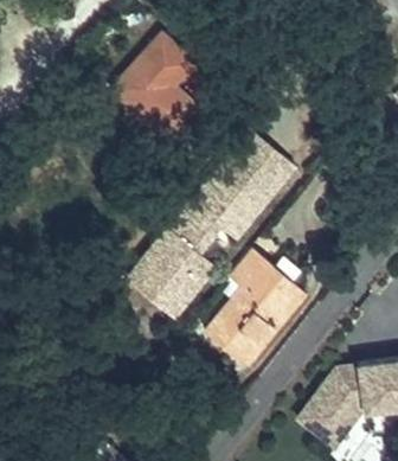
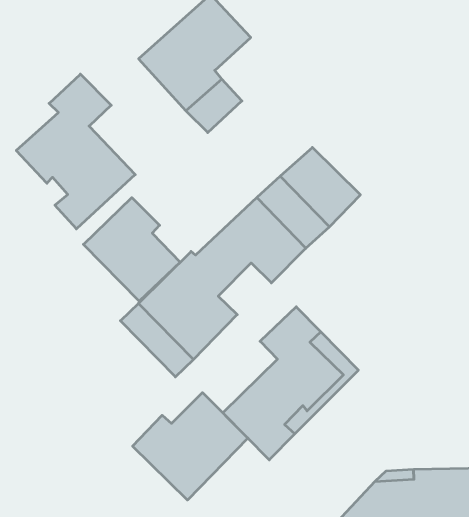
building: none -> [16,74,135,229]
building: none -> [83,198,180,301]
building: none -> [133,393,248,500]

